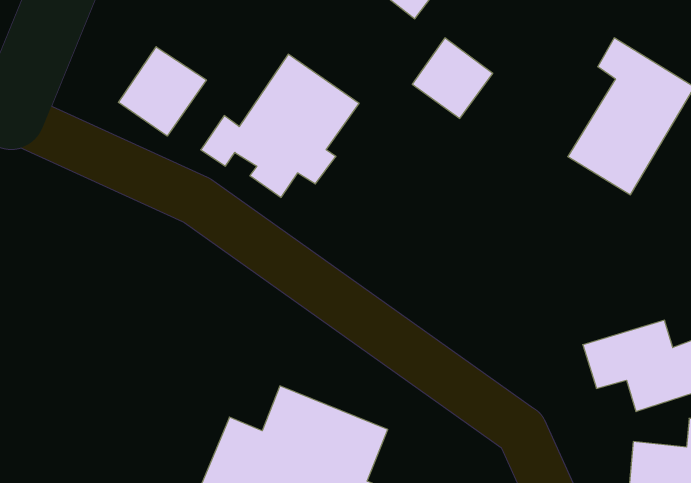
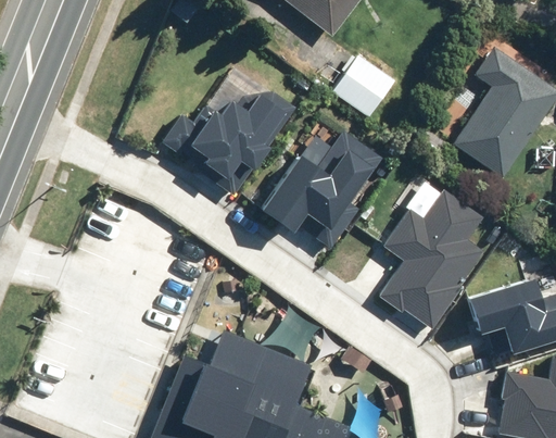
building: [118,47,206,136] -> none
building: none -> [263,123,379,230]
building: none -> [383,175,484,327]

